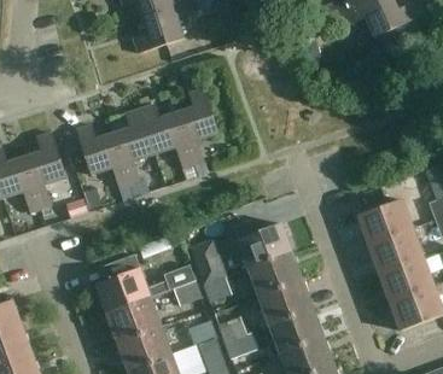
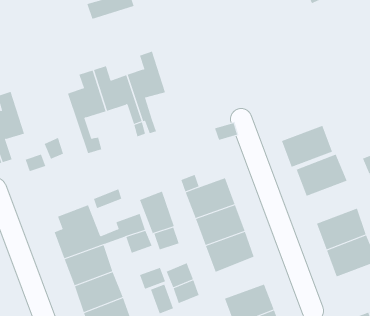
building: [74,123,132,201] -> none
building: [367,227,422,273] -> [281,125,333,168]
building: [269,309,322,353] -> none

